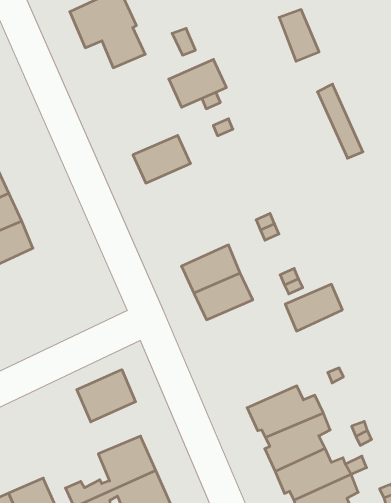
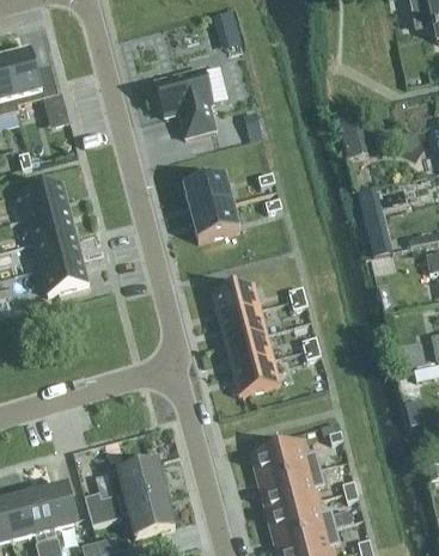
building: [169,59,226,107] -> [183,176,232,213]
building: none -> [211,280,261,317]
building: [285,284,342,331] -> [231,356,280,392]
building: [77,370,136,422] -> none

